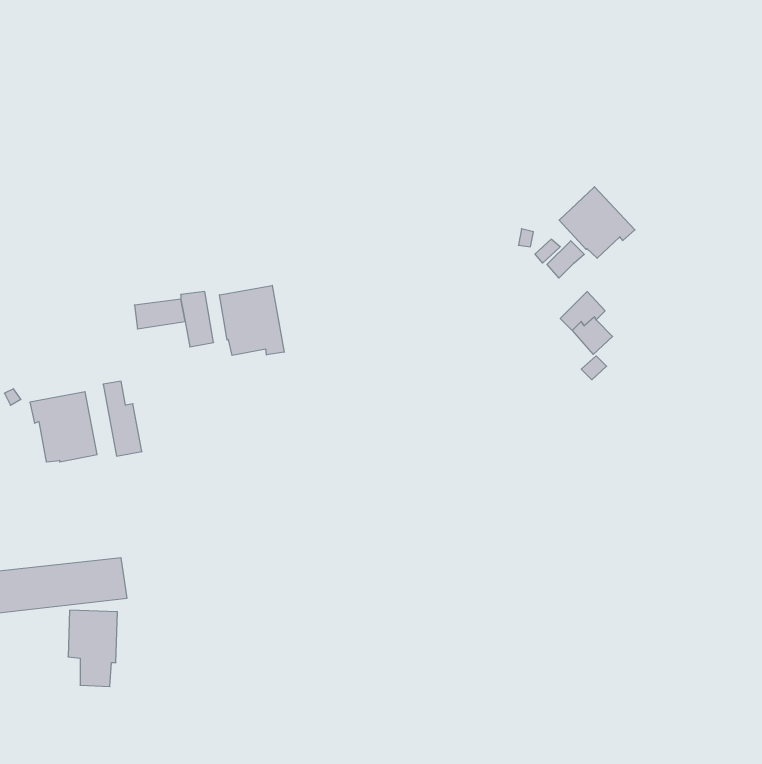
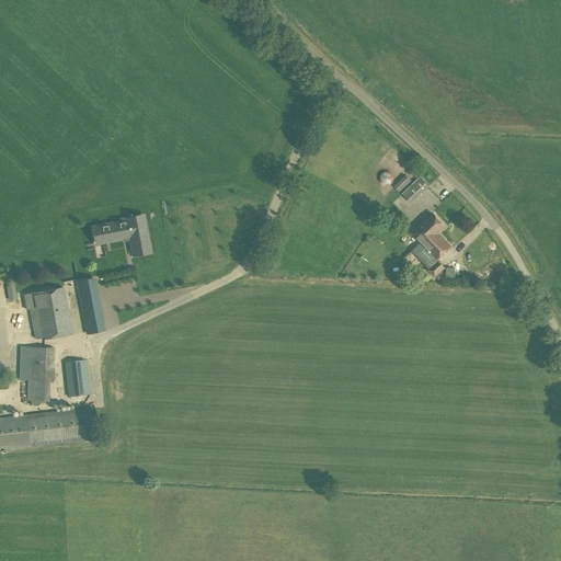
building: [559,187,635,258] -> none
building: [220,285,284,355] -> none
building: none -> [62,359,88,397]
building: [68,610,117,687] -> [18,346,54,402]

